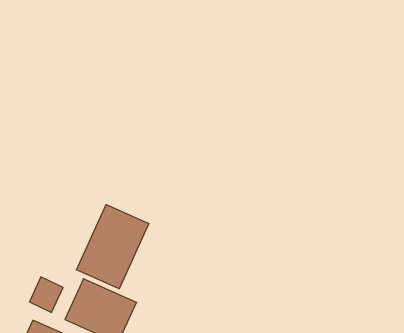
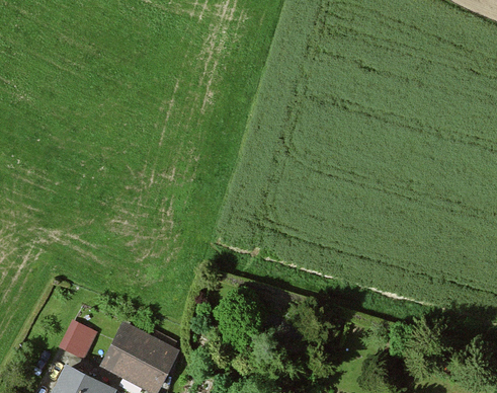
building: [77,205,149,289] -> none

